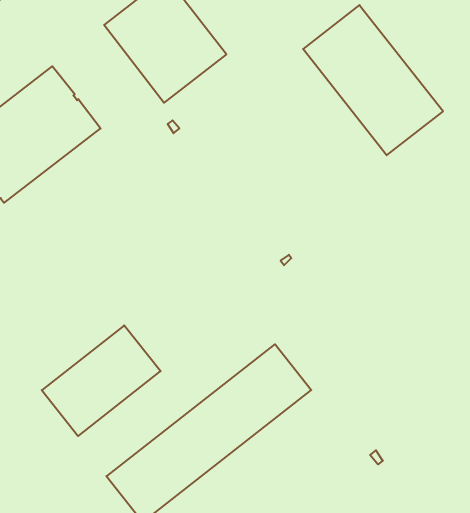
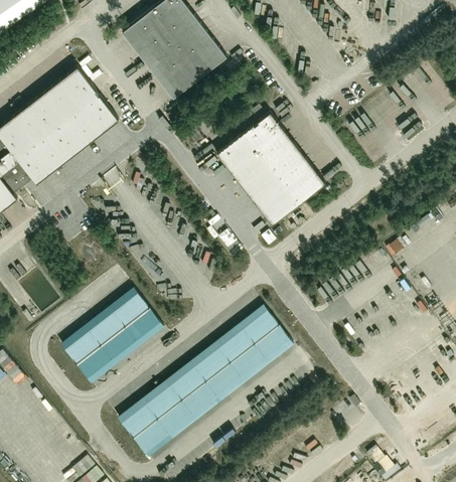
building: [303,5,443,155] -> none
building: none -> [214,112,323,224]

